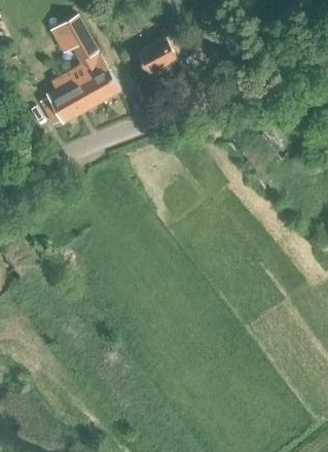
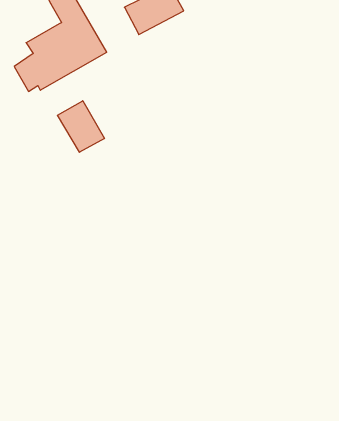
building: none -> [57,101,104,152]

